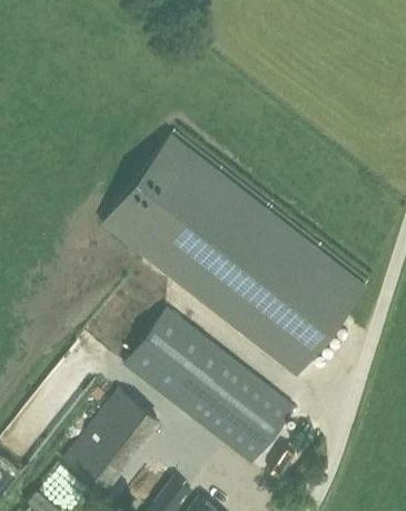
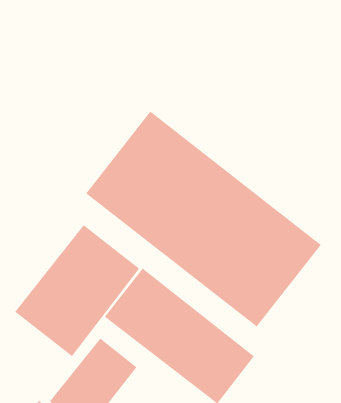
building: none -> [14,224,140,357]

